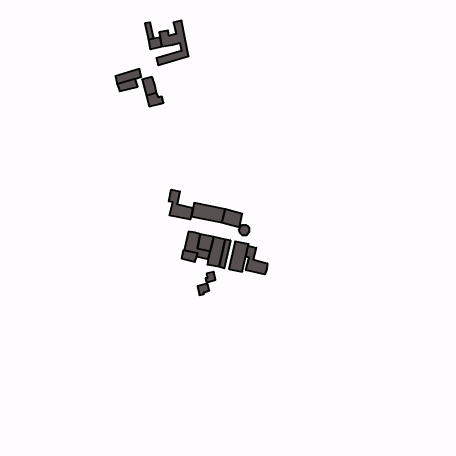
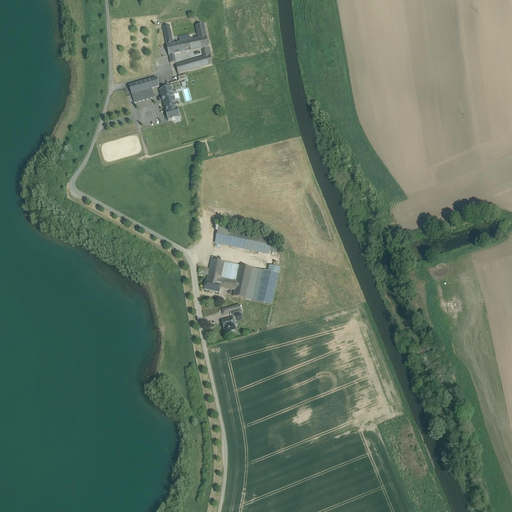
building: [169,190,192,220] -> none
building: [246,246,267,274] -> none

